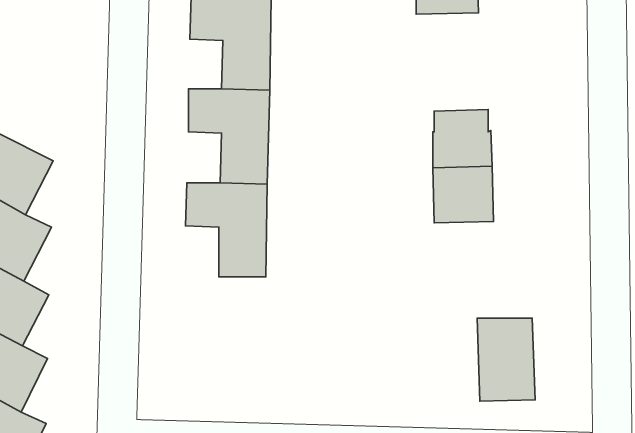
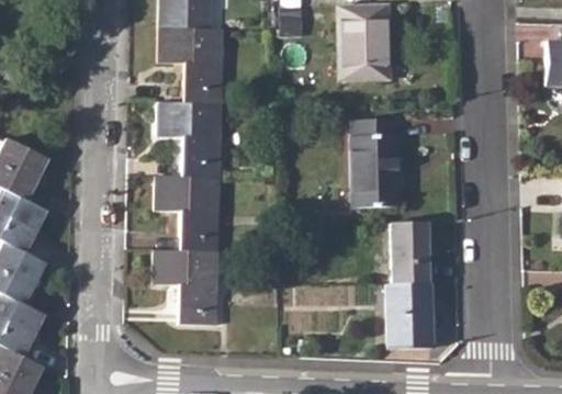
building: none -> [338,41,389,78]
building: none -> [392,223,427,283]
building: none -> [153,249,218,324]

